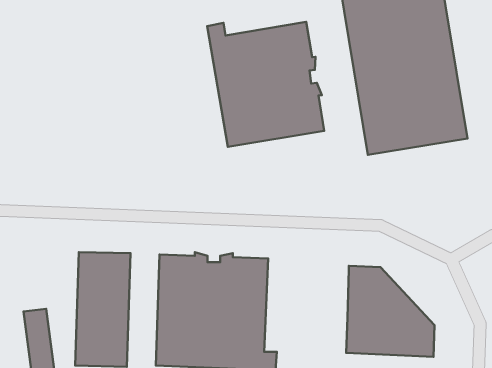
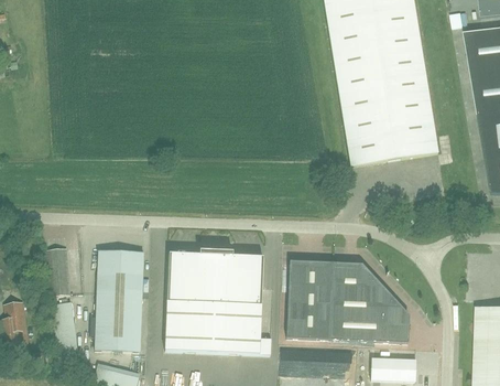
building: [207,22,324,147] -> none
building: none -> [45,247,68,293]
building: none -> [286,260,334,339]

